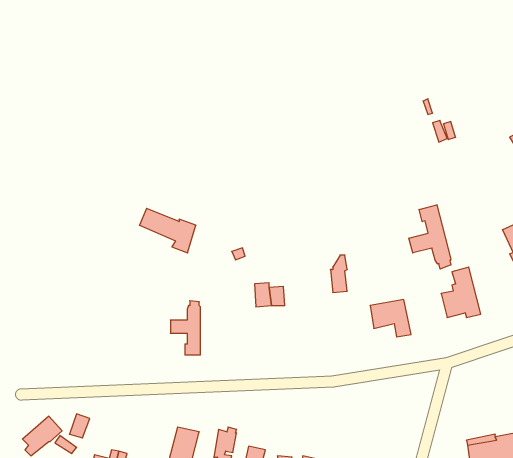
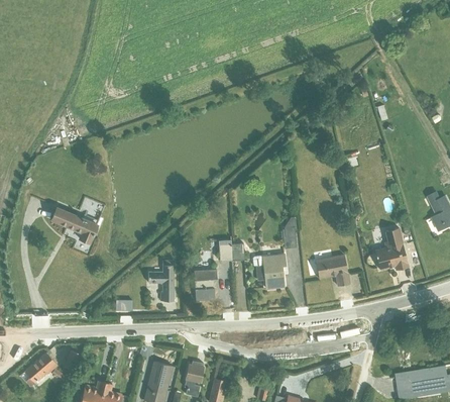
building: [409,205,451,269] -> none
building: [139,208,196,253] -> [49,206,97,243]
building: none -> [252,254,286,288]
building: none -> [193,269,216,300]

